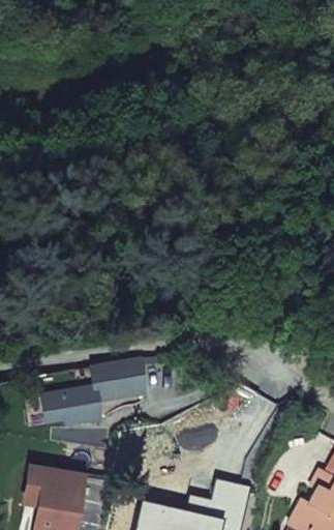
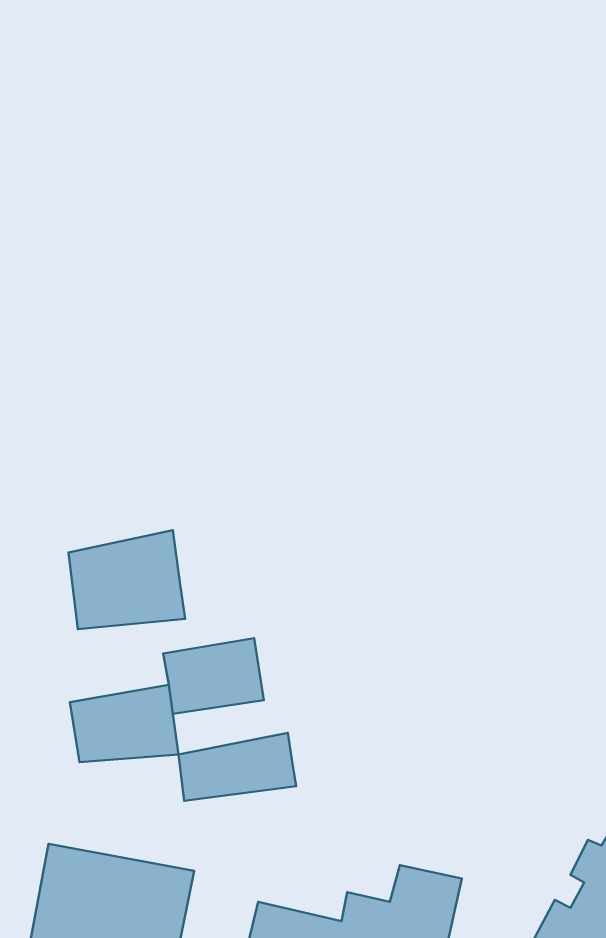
building: none -> [69,530,185,629]
building: none -> [179,733,296,801]

